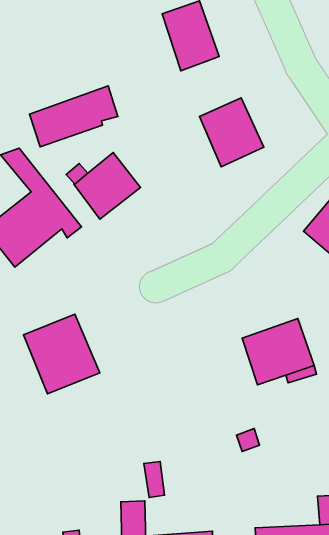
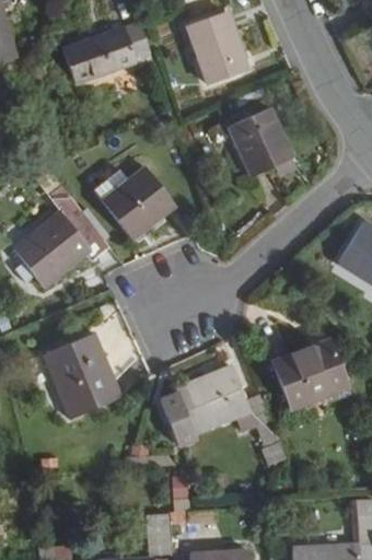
building: [29,86,118,147] -> [65,27,153,89]
building: none -> [160,354,268,428]

